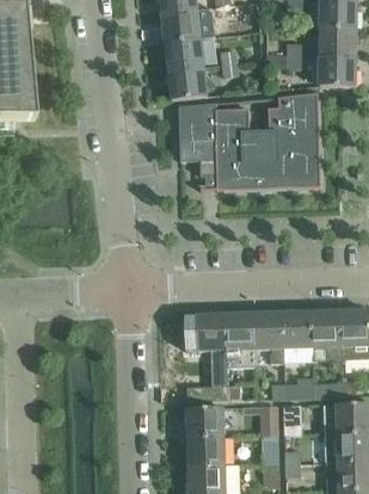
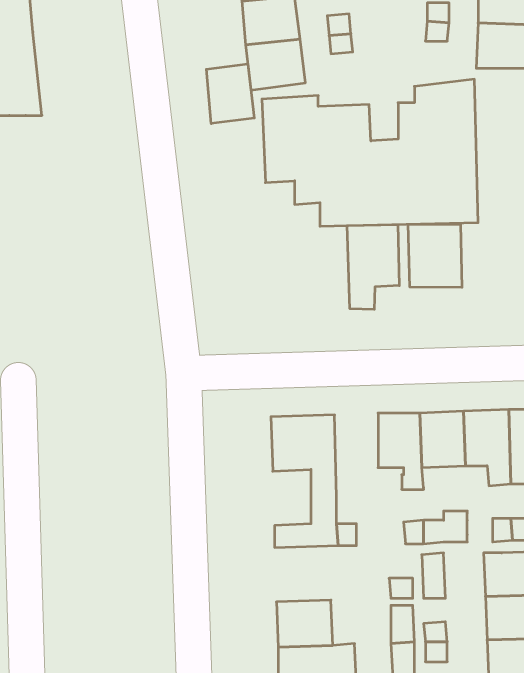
building: none -> [206,64,254,124]
building: none -> [408,224,462,287]
building: none -> [347,225,399,309]
building: [226,311,256,366] -> none
building: [187,406,223,436] -> none

